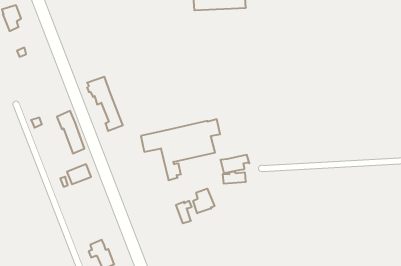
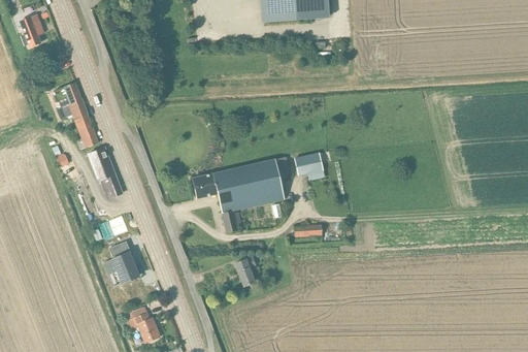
building: [87,77,123,131] -> [56,82,100,149]
building: [220,155,249,173] -> [295,151,331,173]
building: none -> [105,241,141,283]
building: [193,189,215,213] -> none

